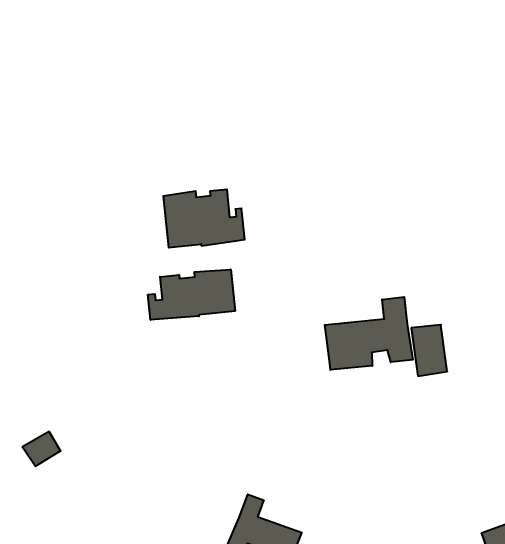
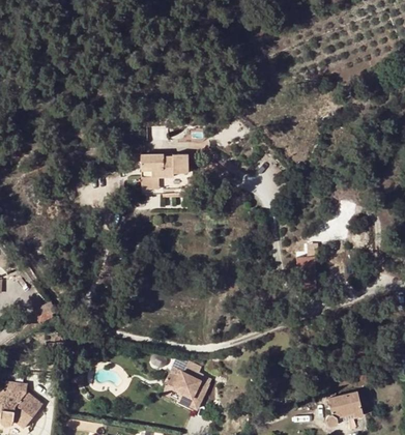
building: [148,269,235,320] -> none
building: [325,297,413,370] -> none

